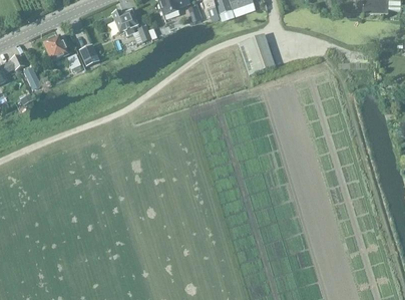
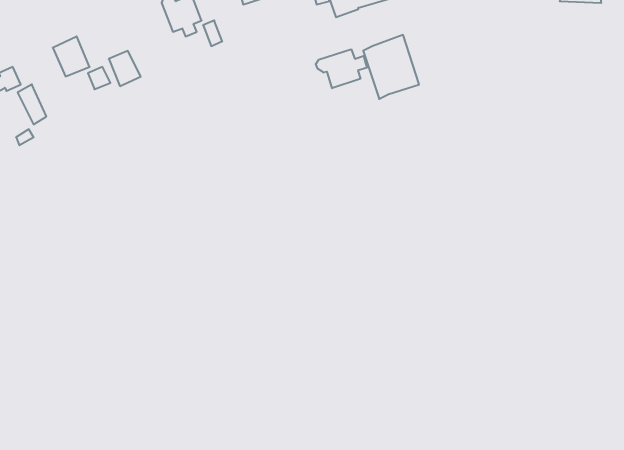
building: none -> [316,49,367,88]

